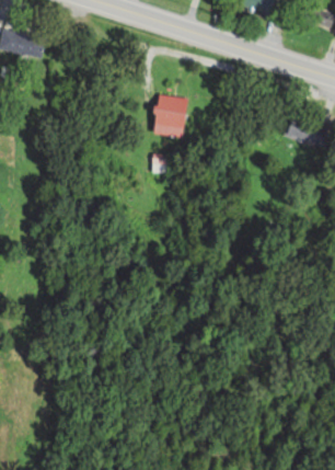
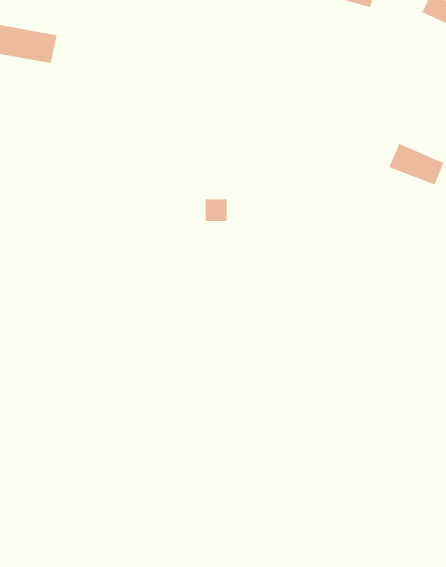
building: [154,94,182,127] -> none

